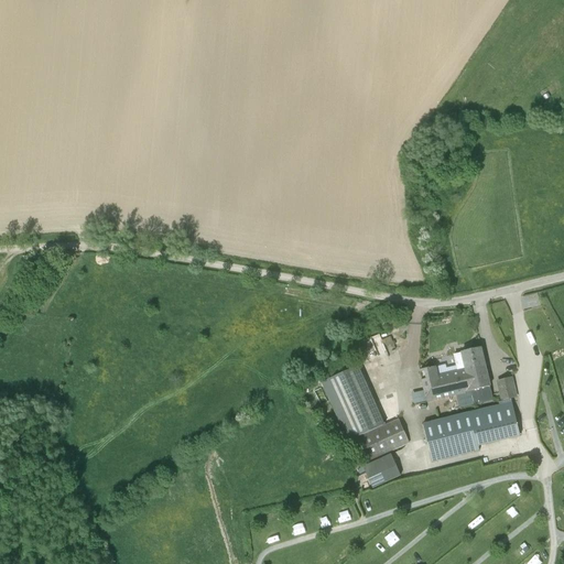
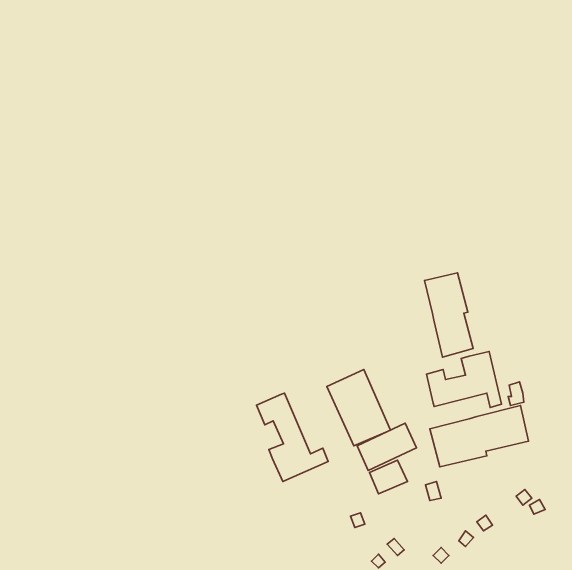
building: none -> [425,273,473,357]
building: none -> [257,393,328,482]

